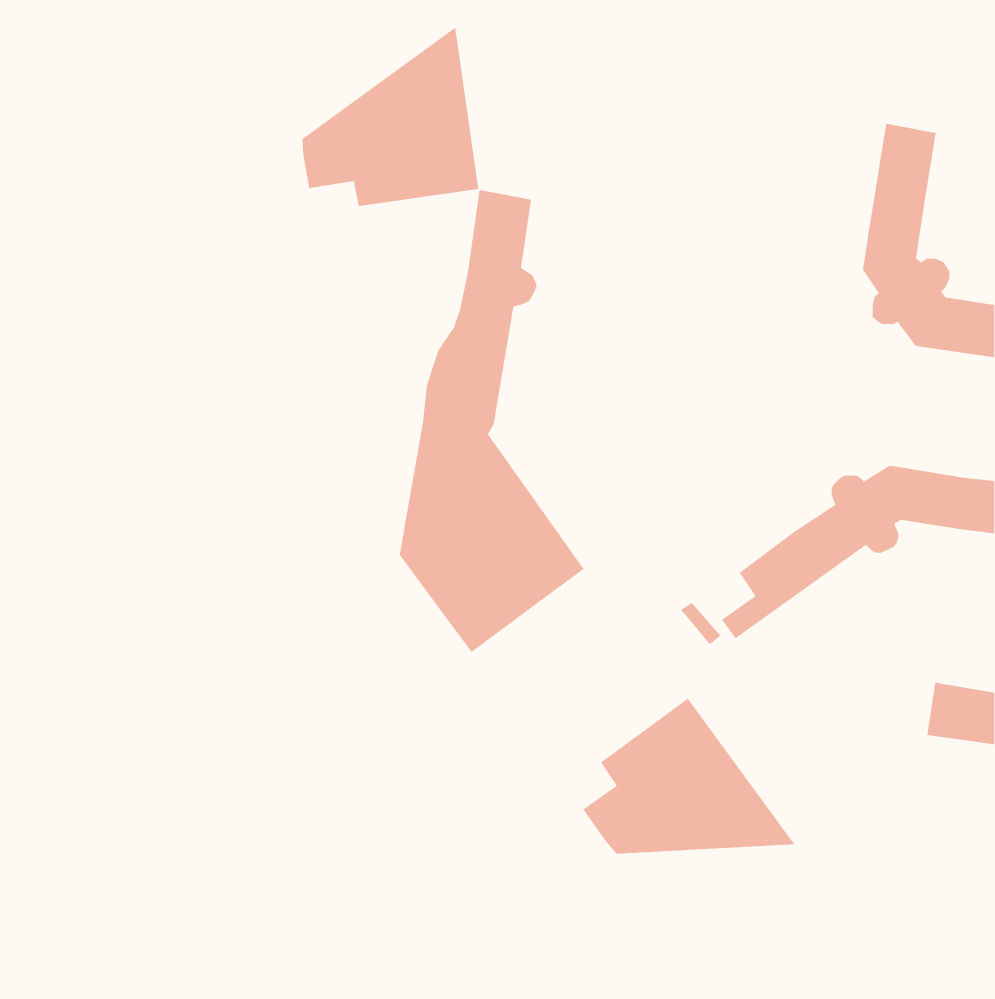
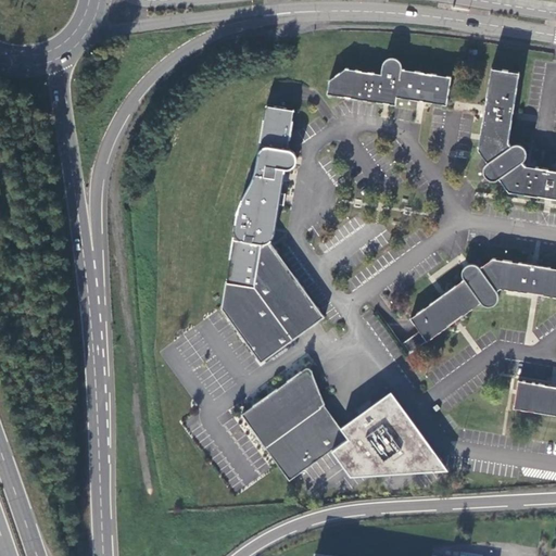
building: [302,26,479,207] -> none
building: none -> [328,56,451,106]
building: none -> [237,367,342,480]

